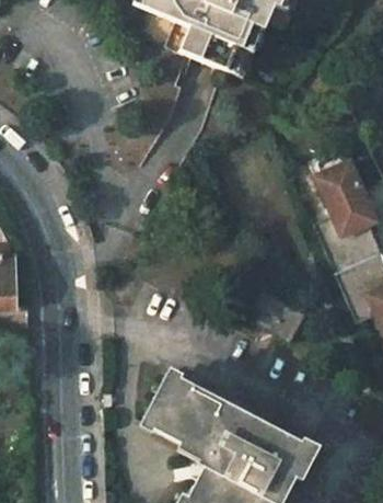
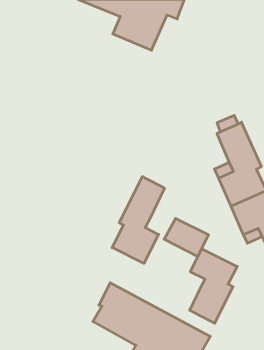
building: none -> [112,177,165,263]
building: none -> [190,249,237,323]

